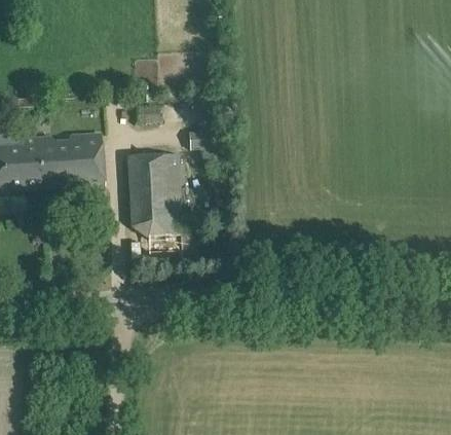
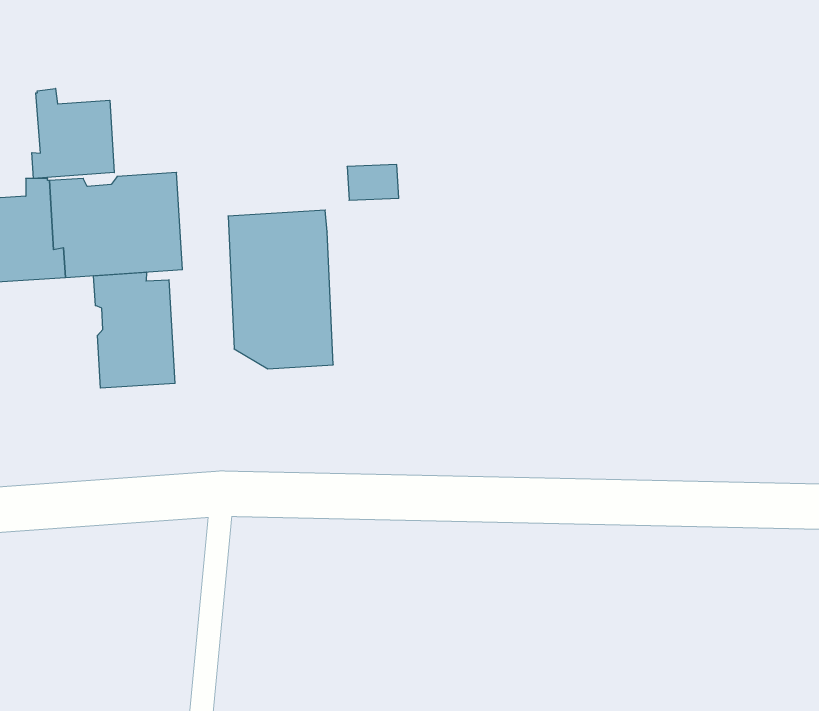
building: none -> [32,88,114,178]
building: none -> [93,272,175,388]

